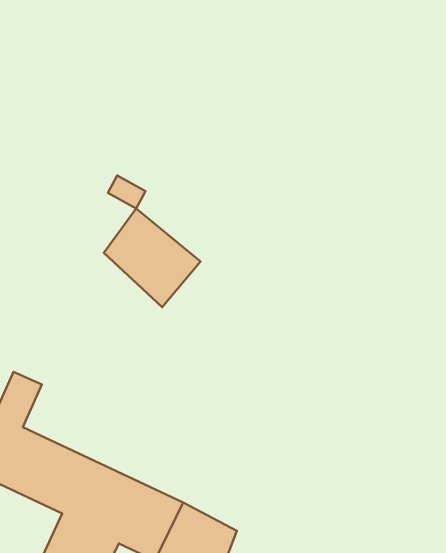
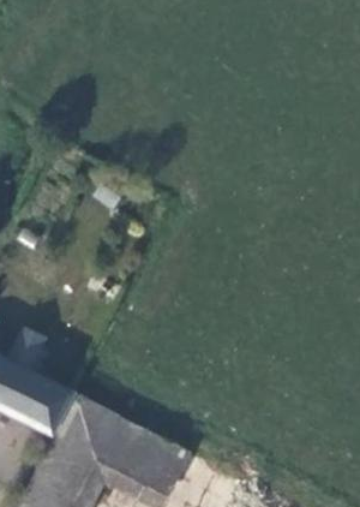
building: [104,208,200,307] -> none

